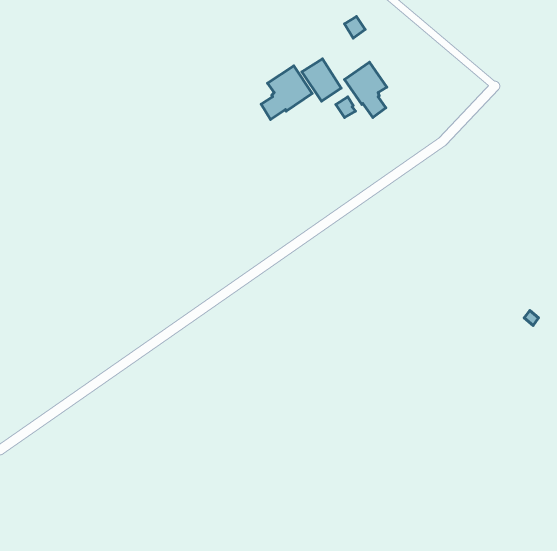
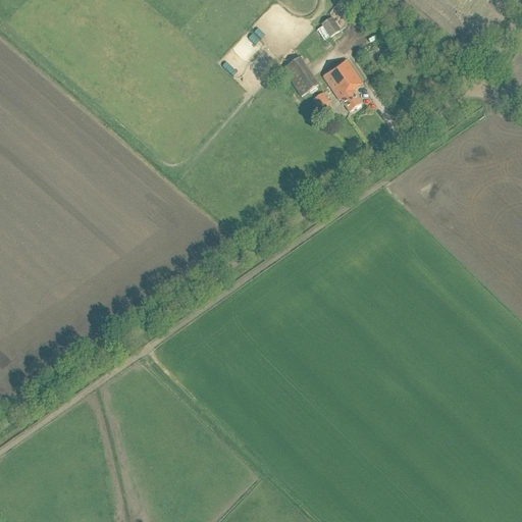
building: [261,66,312,119] -> none

